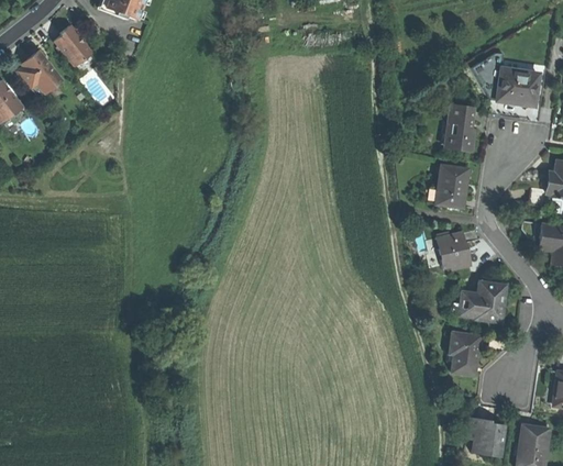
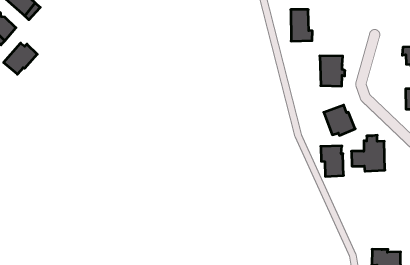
building: none -> [4,43,37,74]
building: [443,108,472,151] -> [291,10,312,41]
building: [448,334,476,375] -> [321,146,344,176]

